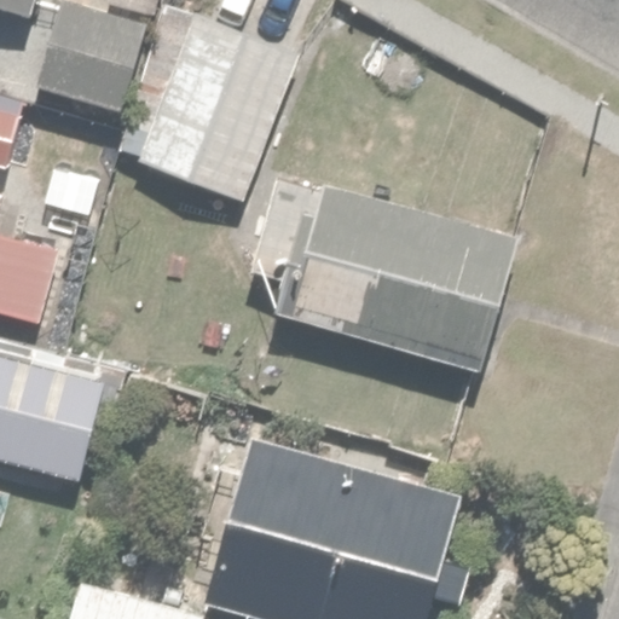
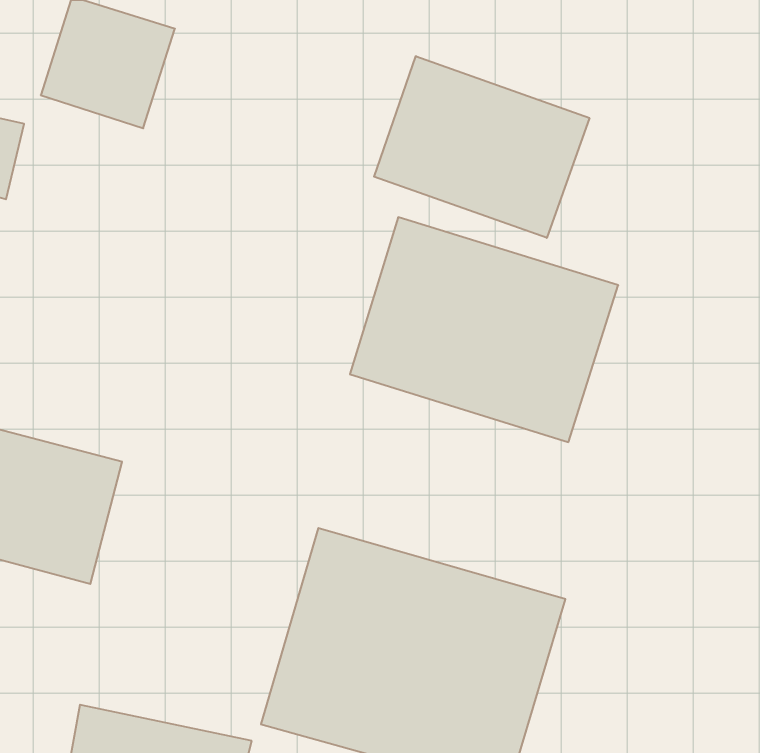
building: [139,23,297,199] -> none
building: none -> [374,56,589,238]

